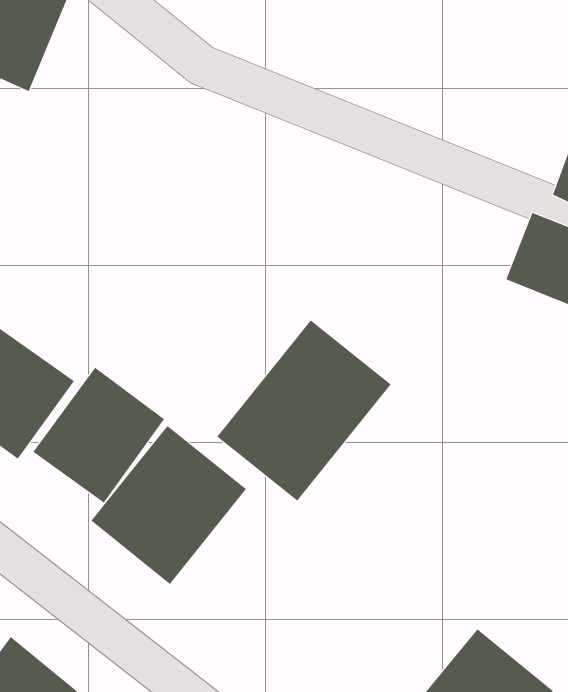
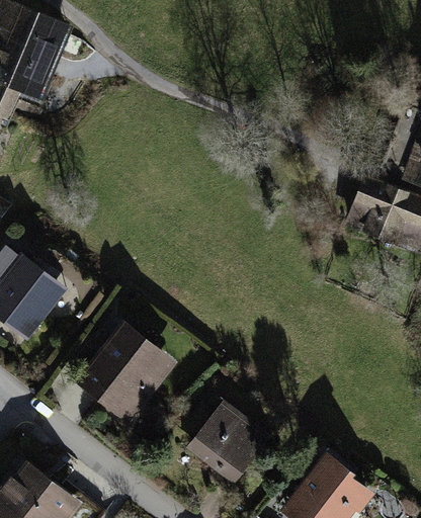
building: [216,319,392,502] -> none
building: [33,367,165,503] -> none
building: none -> [193,401,269,476]

